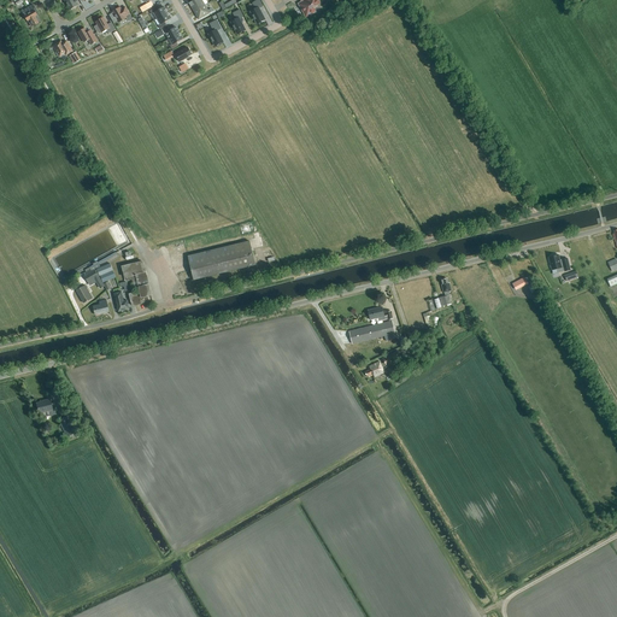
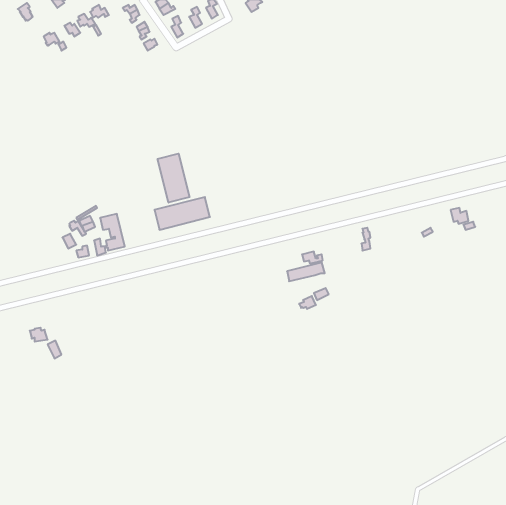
building: none -> [158,154,190,203]

